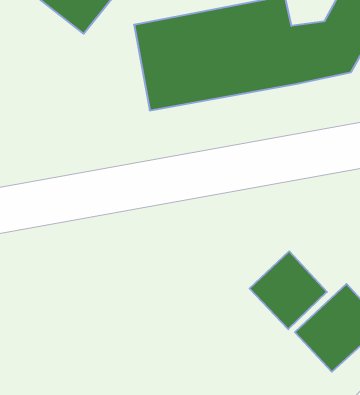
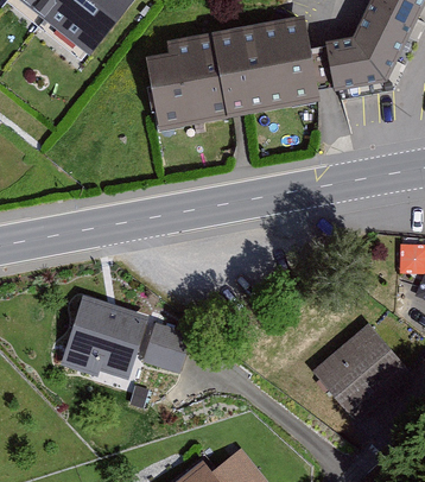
building: [250,251,327,329] -> none
building: none -> [64,293,195,376]

